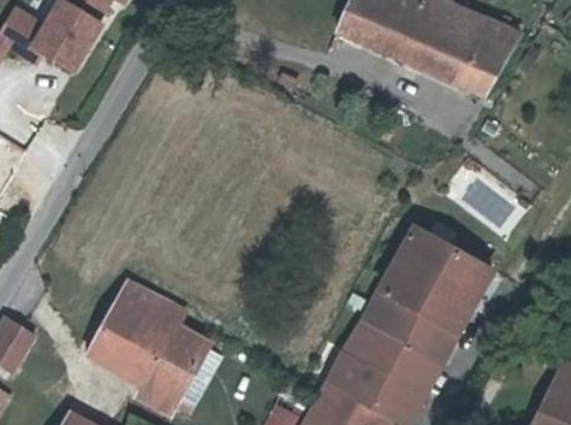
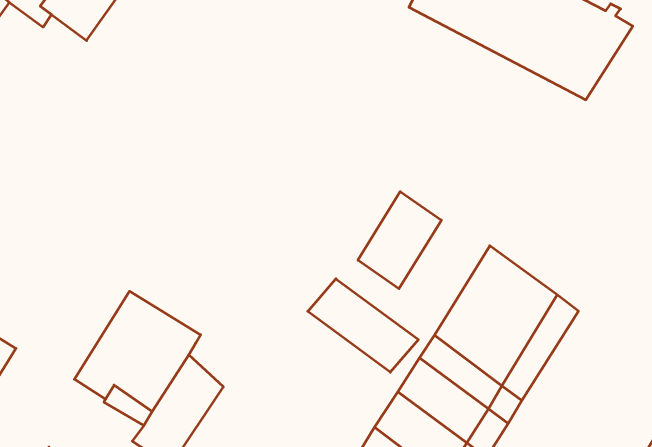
building: none -> [358,192,441,289]
building: none -> [308,279,418,372]

